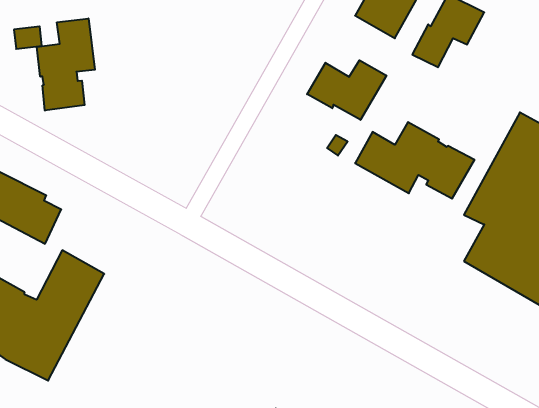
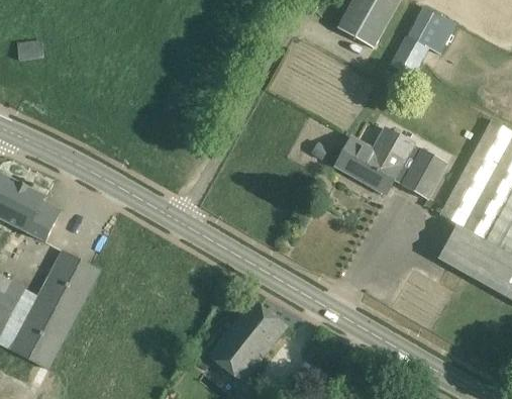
building: [37,18,95,111] -> none
building: [307,60,386,120] -> none
building: none -> [210,300,288,383]

